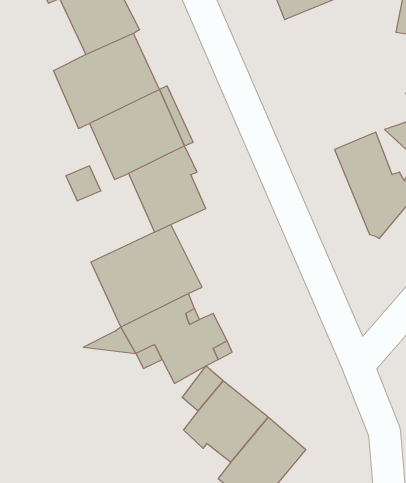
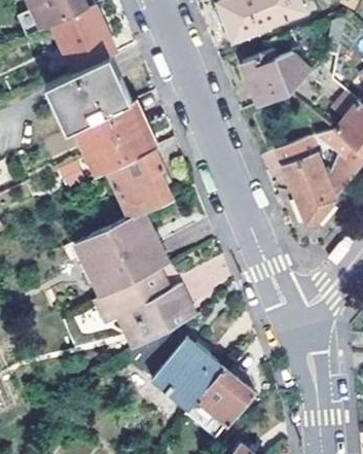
building: none -> [243,51,313,106]

